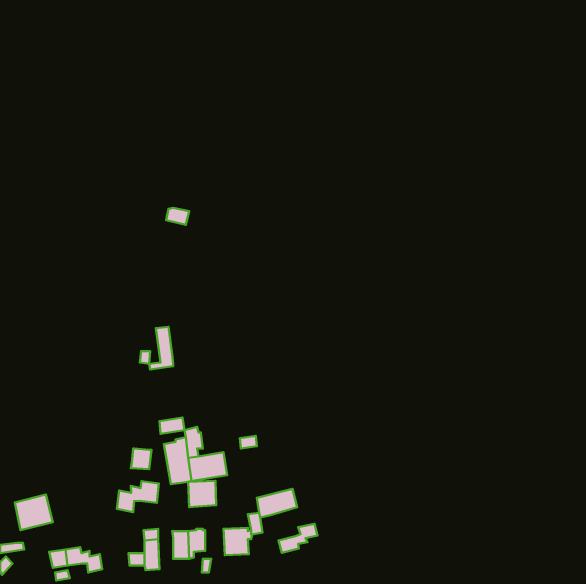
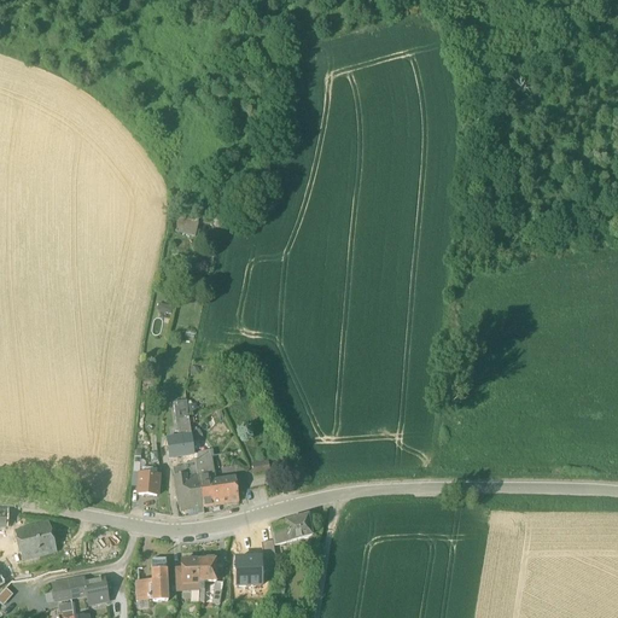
building: [149,327,173,369] -> [167,398,192,443]
building: [188,481,216,507] -> none
building: [117,481,159,512] -> none
building: [278,524,318,553] -> none

